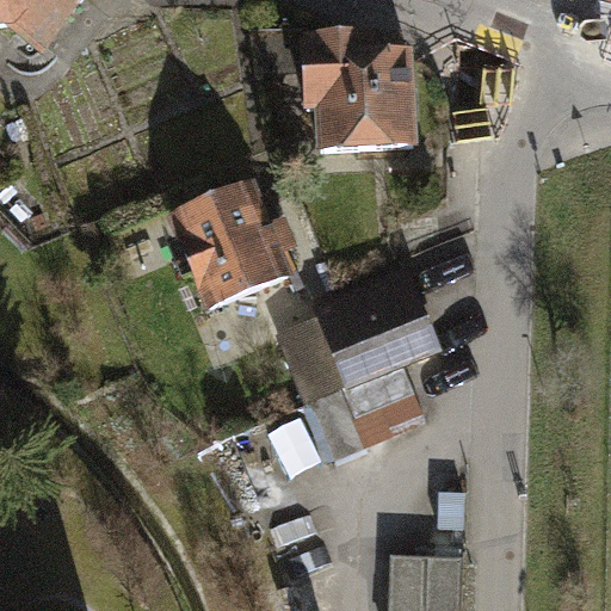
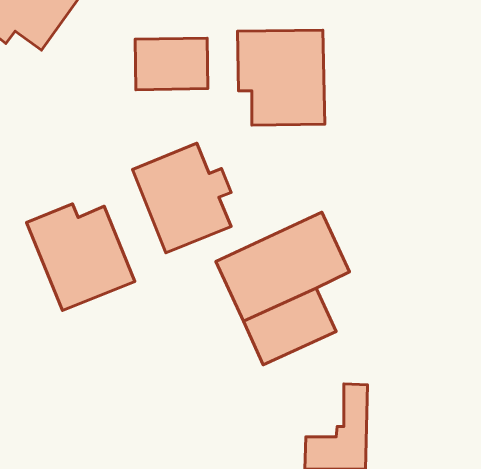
building: none -> [135,38,208,90]
building: none -> [27,204,135,311]

